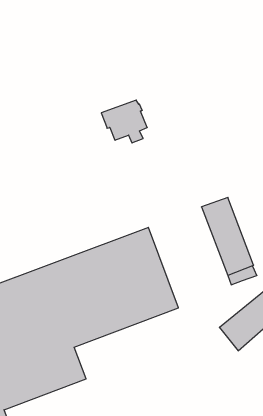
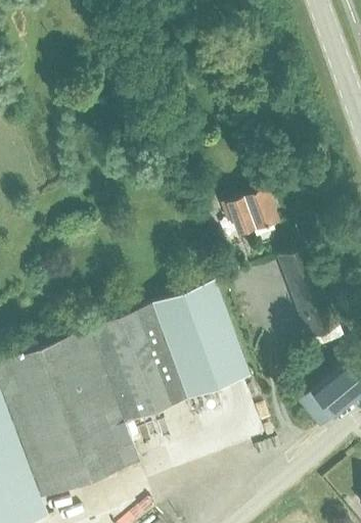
building: [101,100,147,143] -> [222,188,277,239]

